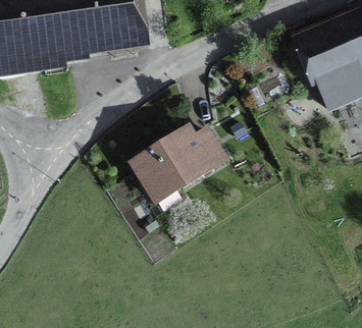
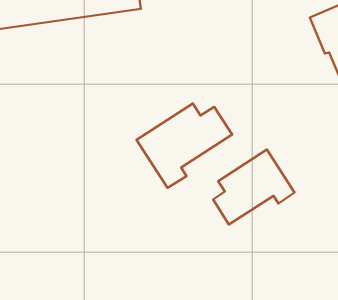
building: none -> [213,150,295,224]

